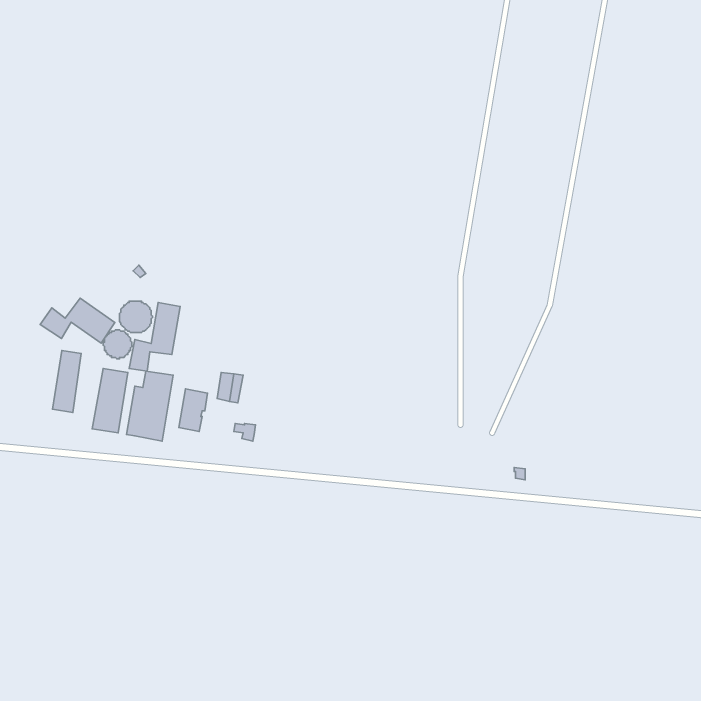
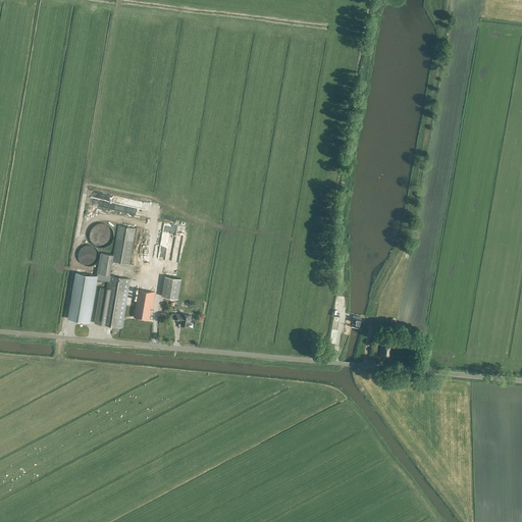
building: [40,298,115,343] -> none
building: [53,351,81,413] -> none

